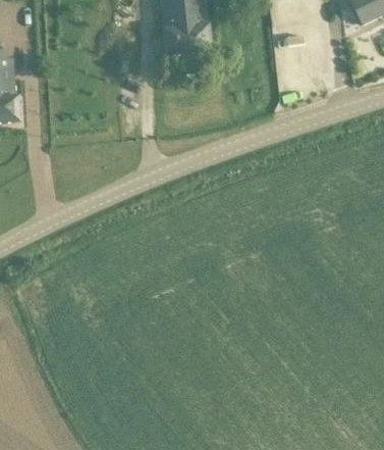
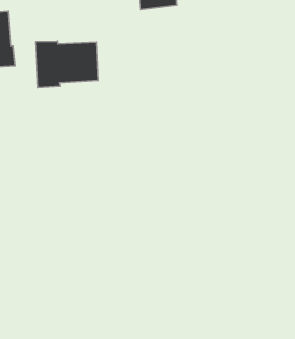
building: none -> [35,41,98,88]

